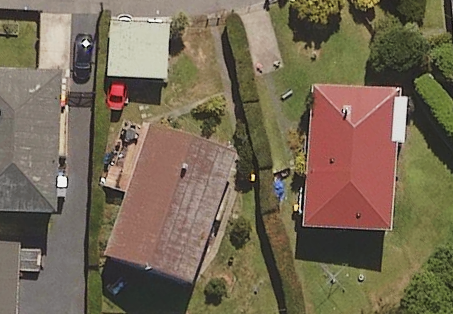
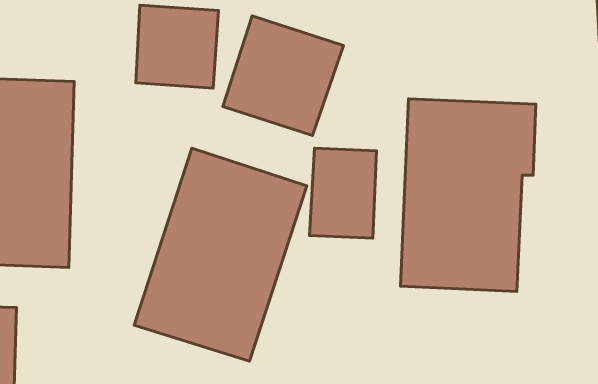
building: none -> [223,16,344,136]
building: none -> [310,148,377,238]

